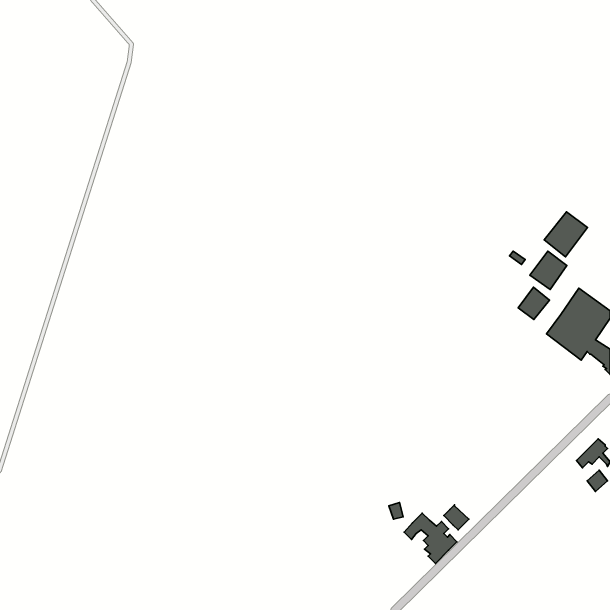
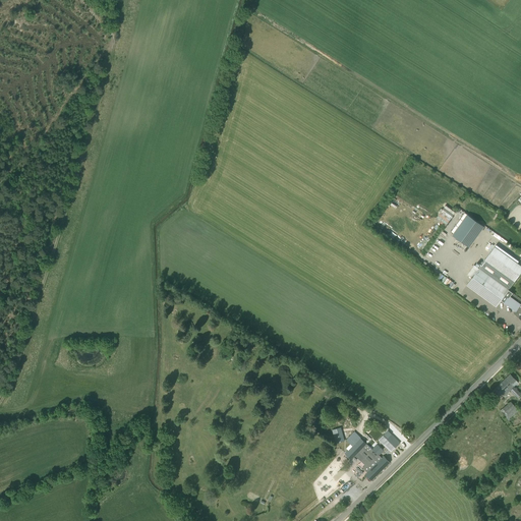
building: [544,212,587,257] -> none
building: [518,287,550,320] -> none

